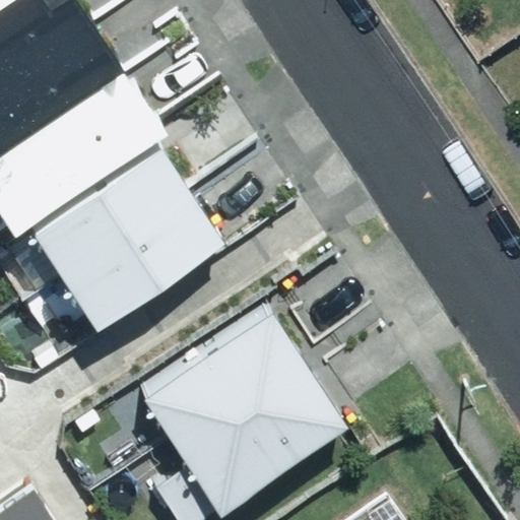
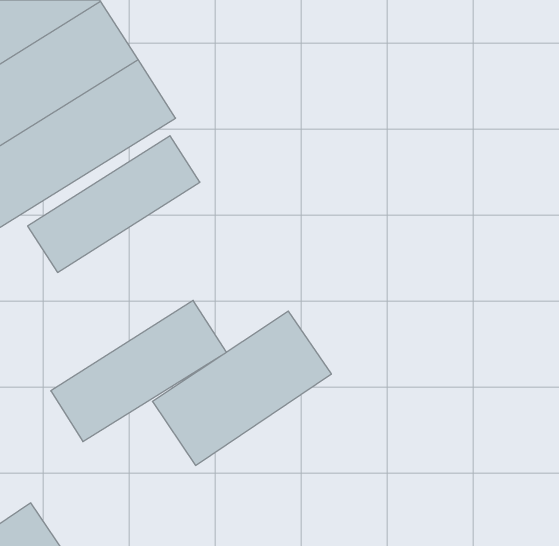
building: [53,184,214,314] -> [51,300,226,442]
building: [180,361,338,495] -> none

